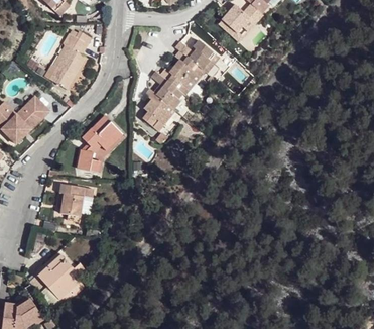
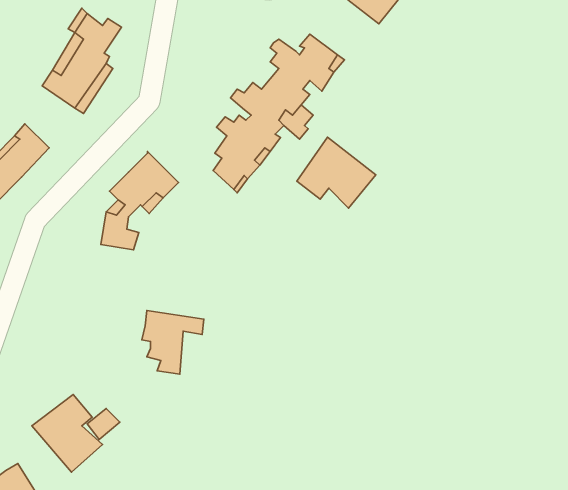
building: none -> [297,137,376,208]
building: [58,184,95,221] -> [142,310,204,374]

